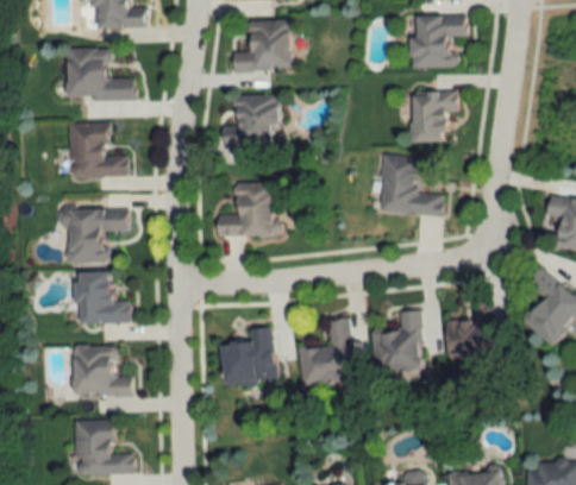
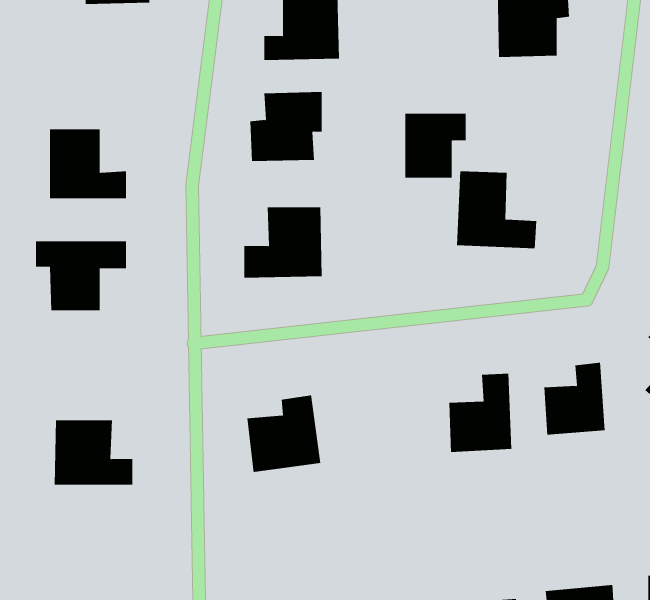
building: [67,49,134,100] -> none
building: [411,93,458,143] -> [404,113,467,178]
building: [76,272,130,325] -> none
building: [300,319,356,386] -> none
building: [75,421,133,475] -> none

